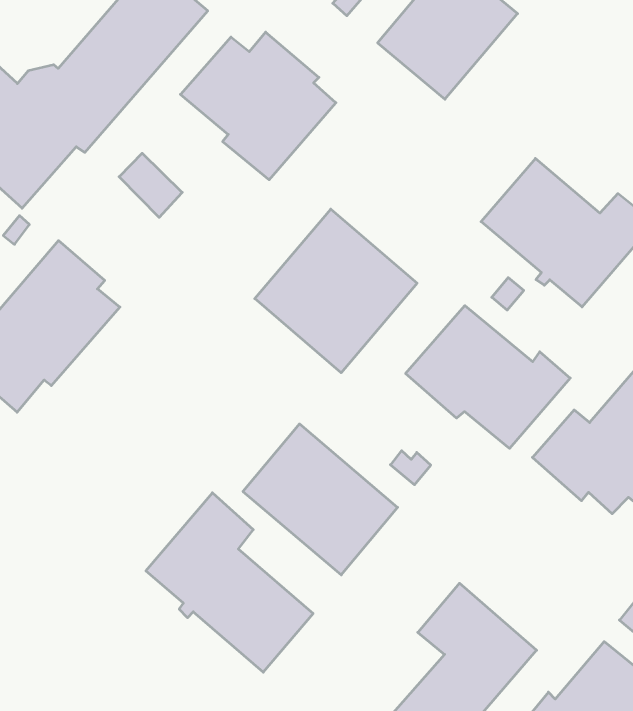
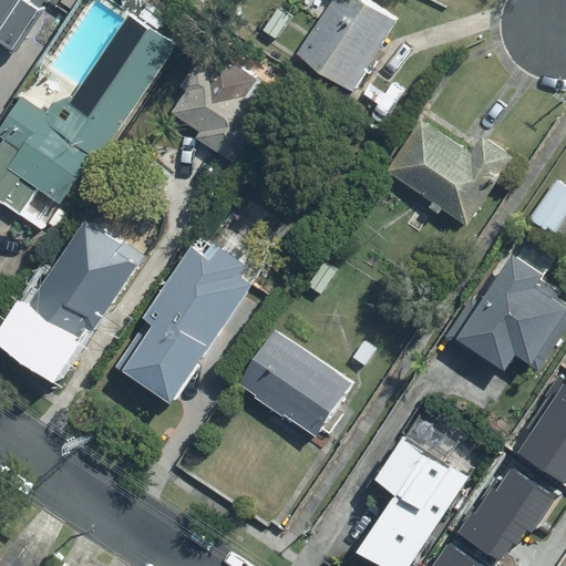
building: [255,209,417,373] -> none
building: none -> [114,250,250,402]
building: [406,306,570,448] -> none
building: [146,493,313,672] -> none

